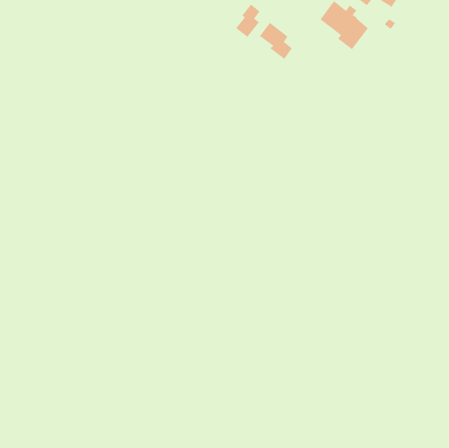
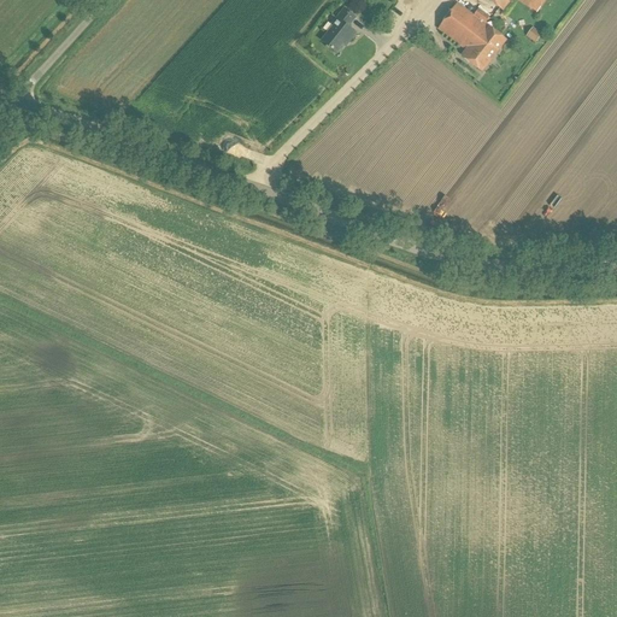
building: [259,22,293,60] -> none

